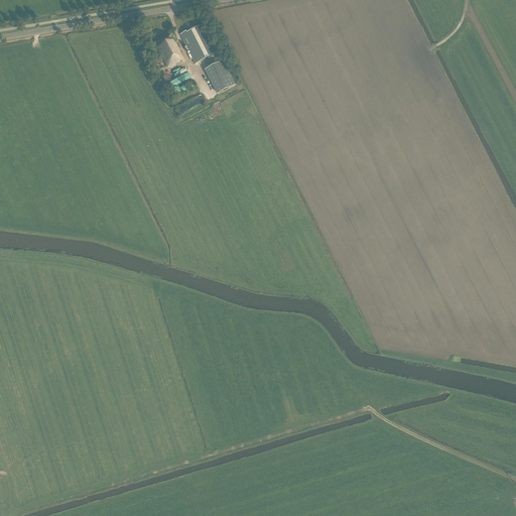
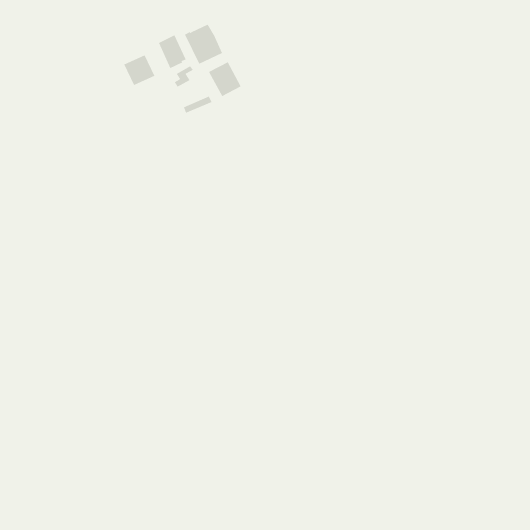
building: none -> [124,54,155,86]

